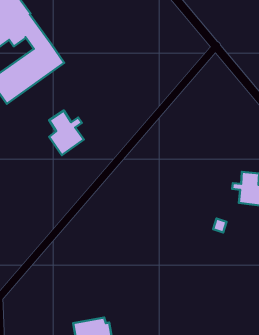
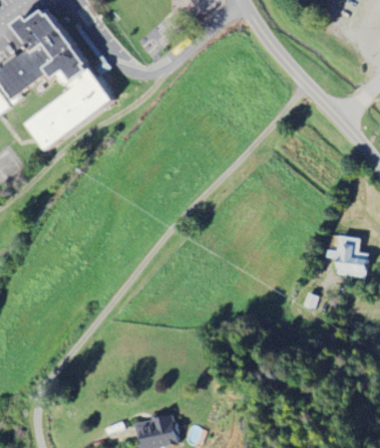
building: [49,111,84,155] -> none

